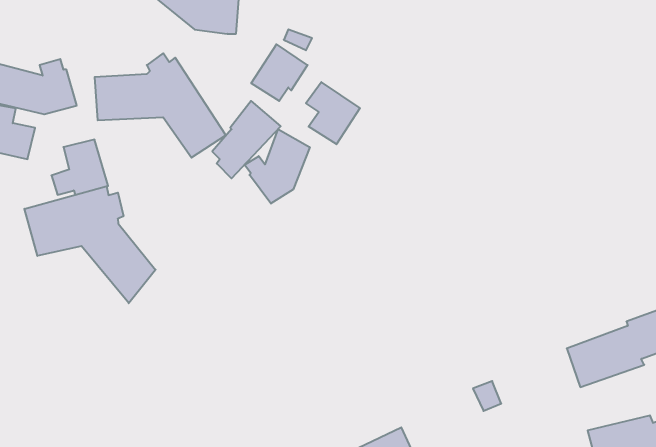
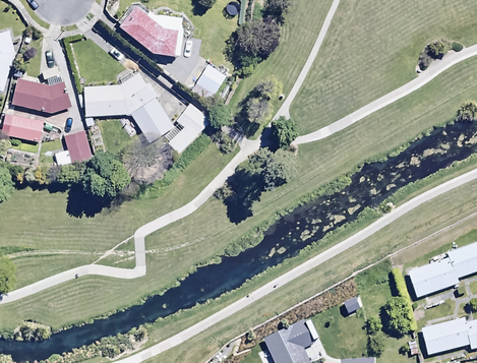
building: [306,82,360,144] -> none
building: [244,129,310,204] -> none
building: [24,186,156,303] -> none

